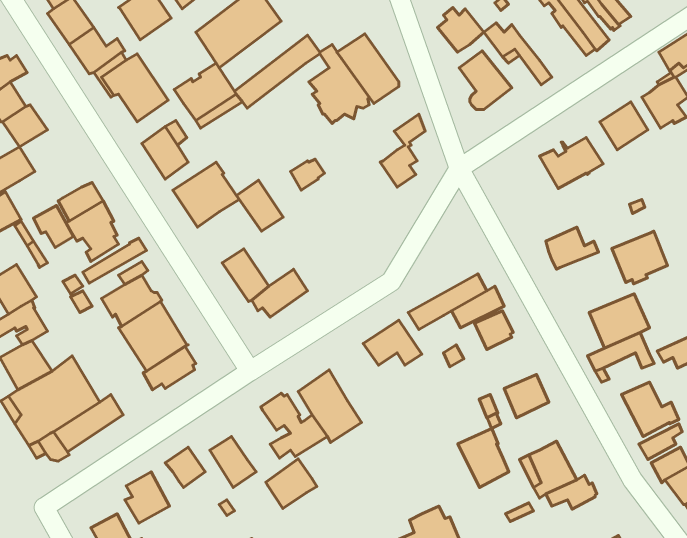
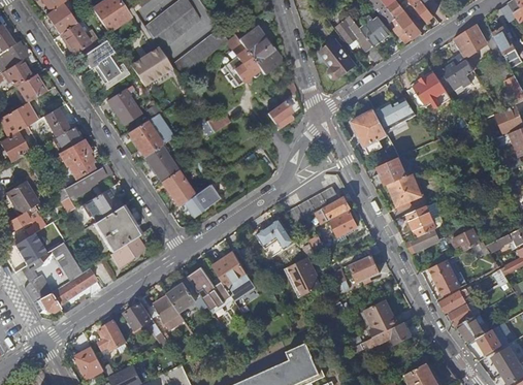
building: [437,7,484,52] -> [360,15,391,45]
building: none -> [353,109,388,155]
building: [237,180,283,231] -> [145,147,176,181]
building: [33,206,74,247] -> [41,109,68,137]
building: [612,231,668,284] -> [387,172,424,207]
building: [458,429,509,487] -> [286,257,320,296]
building: [266,459,317,508] -> [167,279,201,312]

